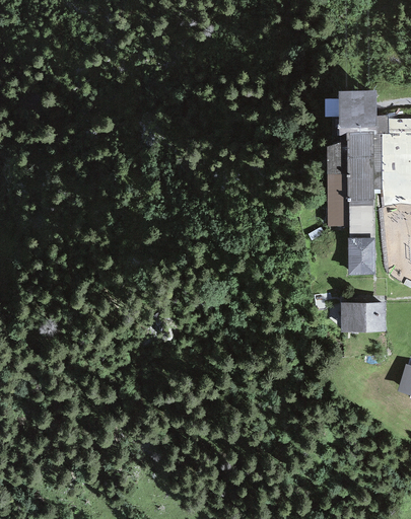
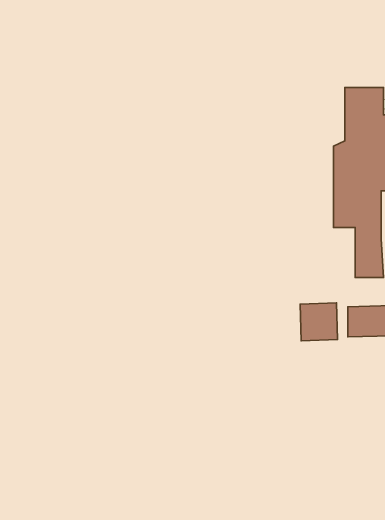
building: none -> [300,303,337,341]

